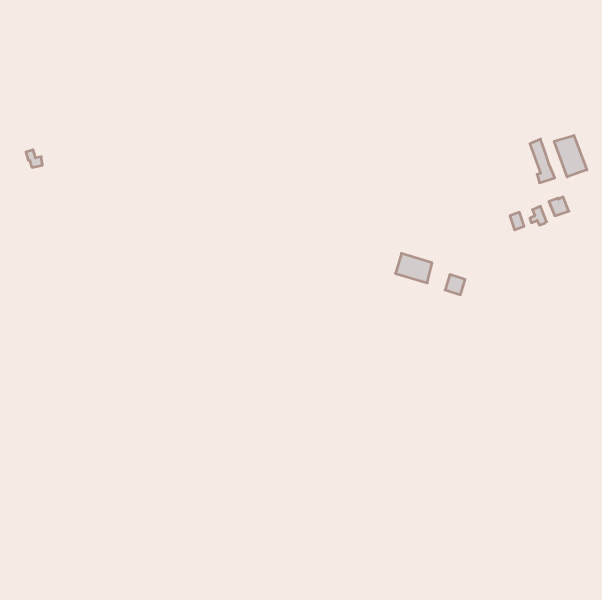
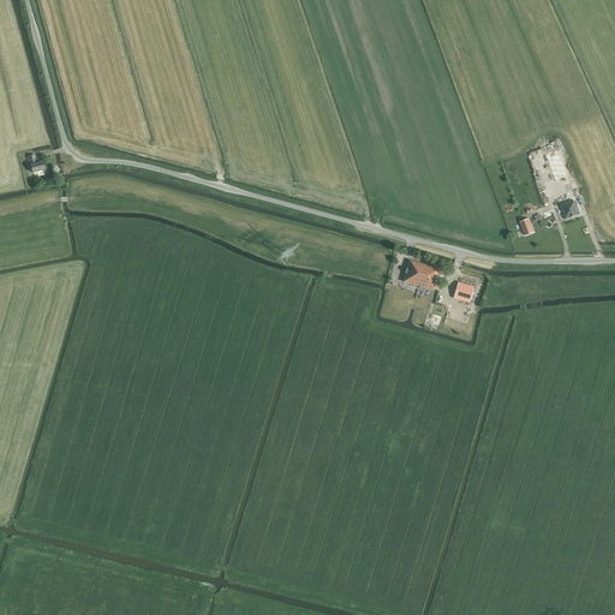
building: [554,135,587,177] -> none

